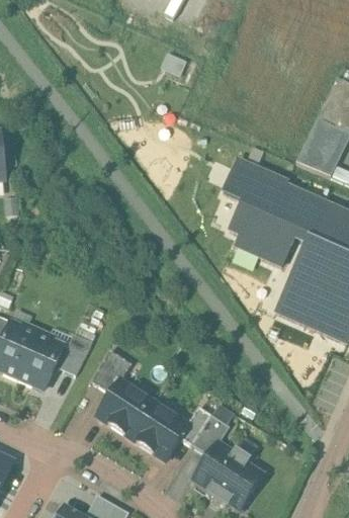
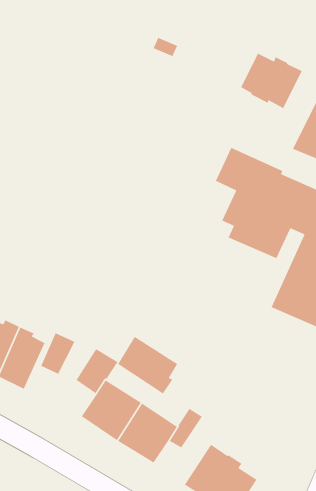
building: none -> [240,52,302,109]
building: none -> [117,336,178,394]
building: [191,414,229,455] -> none

